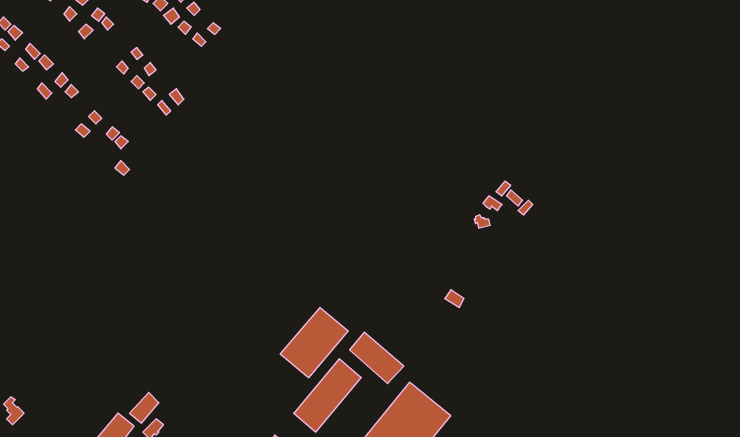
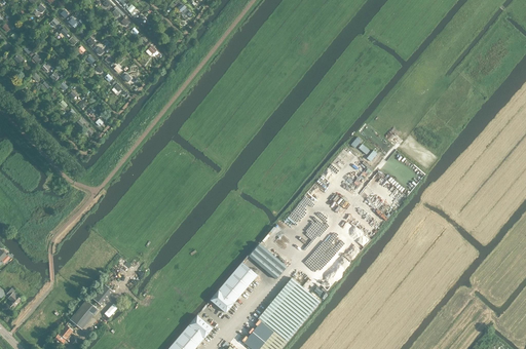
building: [280,307,348,378] -> none

